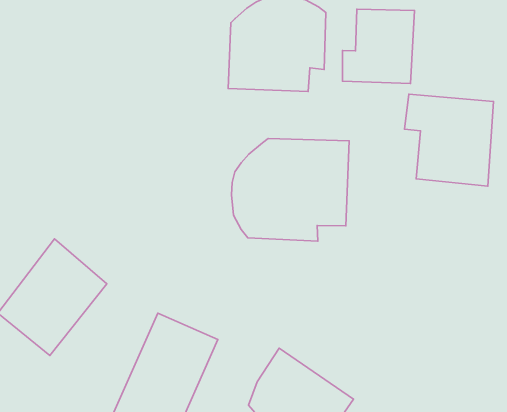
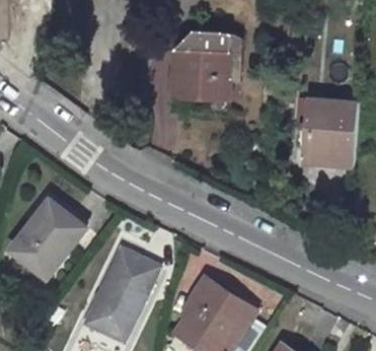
building: [343,9,414,83] -> none
building: [231,138,349,241] -> none

